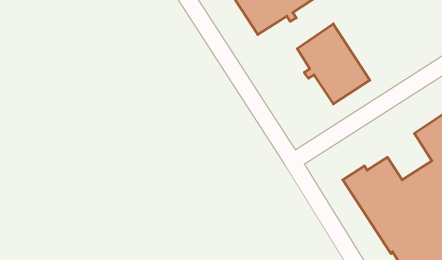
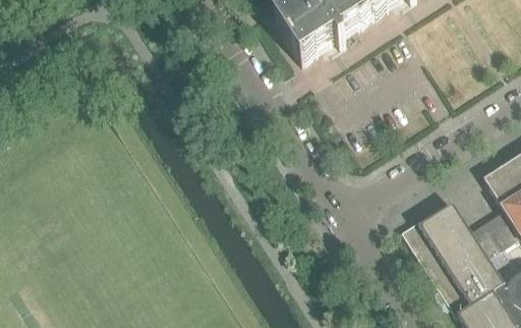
building: [297,24,370,104] -> none

